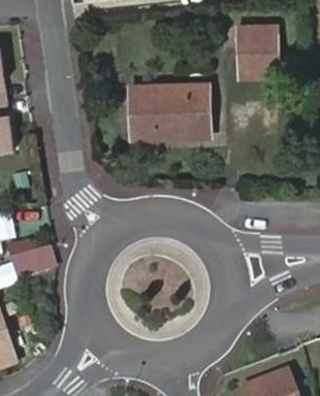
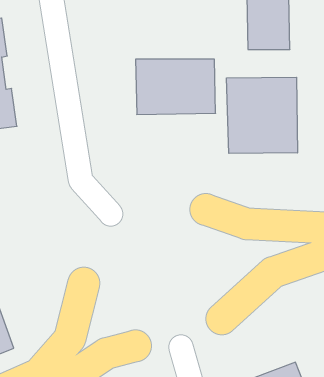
building: none -> [227,77,297,153]
building: [10,240,58,277] -> none

